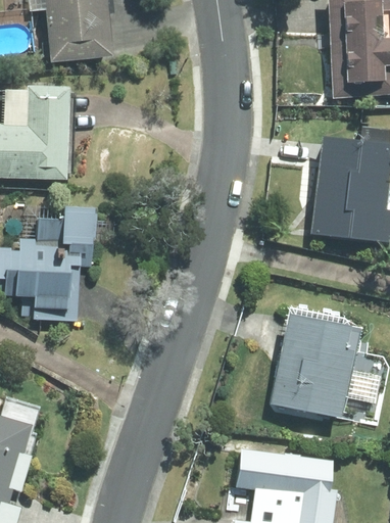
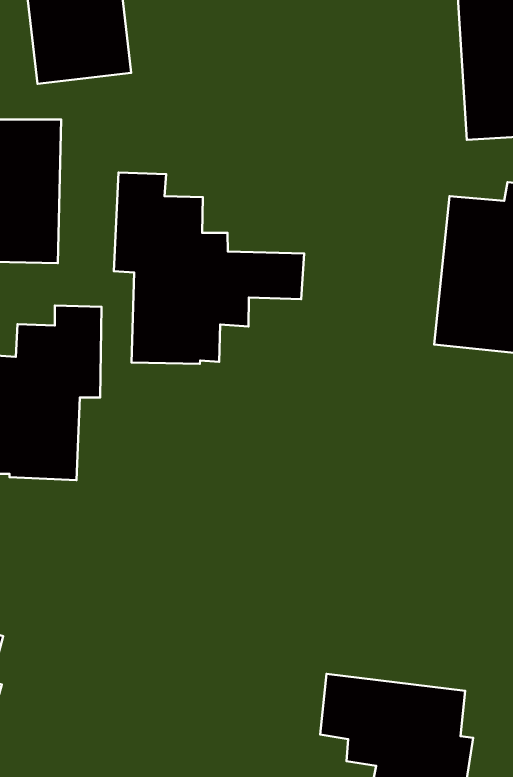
building: none -> [114,173,304,364]
building: [273,313,353,415] -> none

